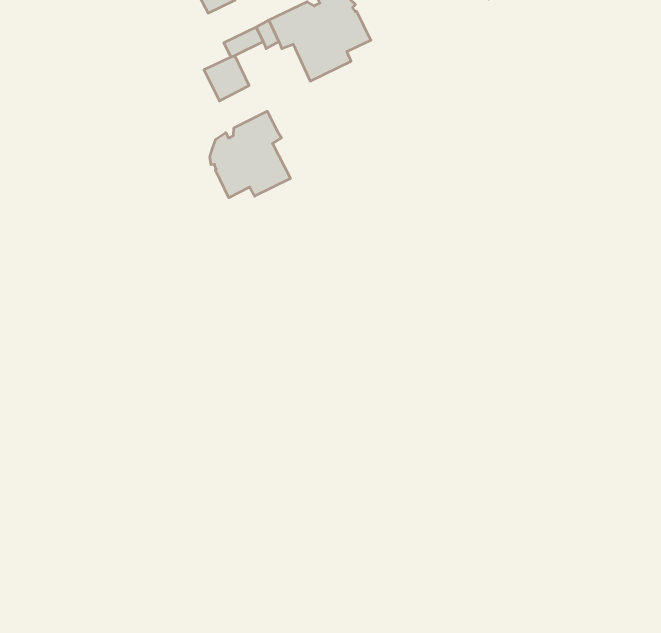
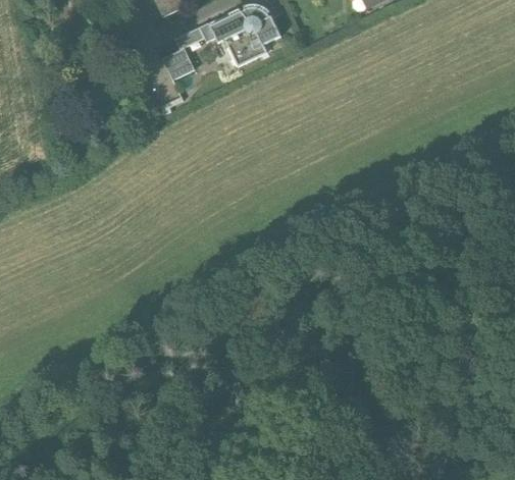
building: [210,111,290,198] -> none

